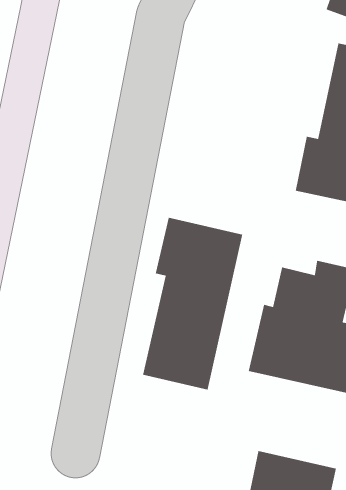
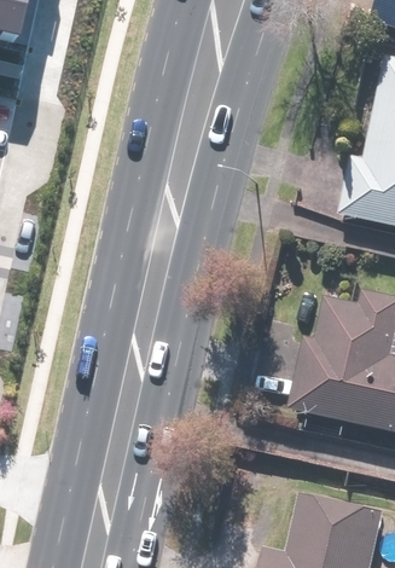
building: [142,217,243,390] -> none

